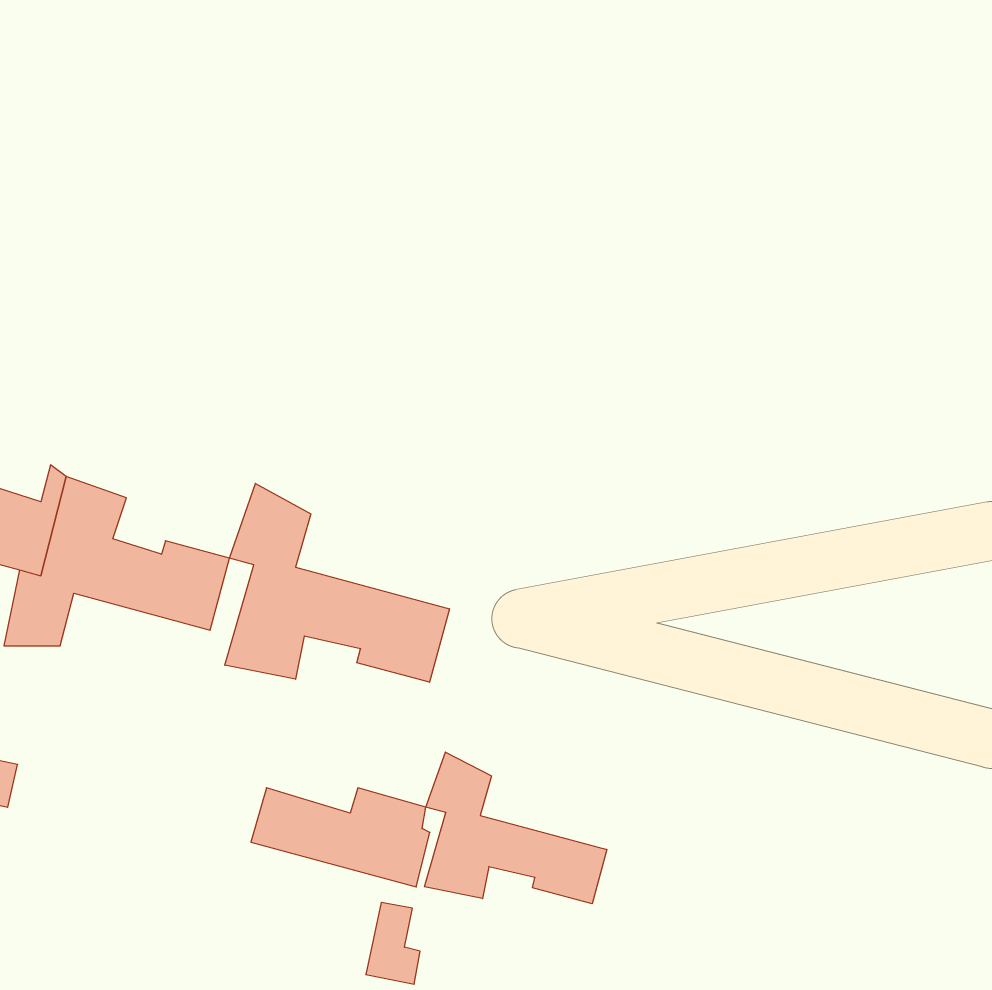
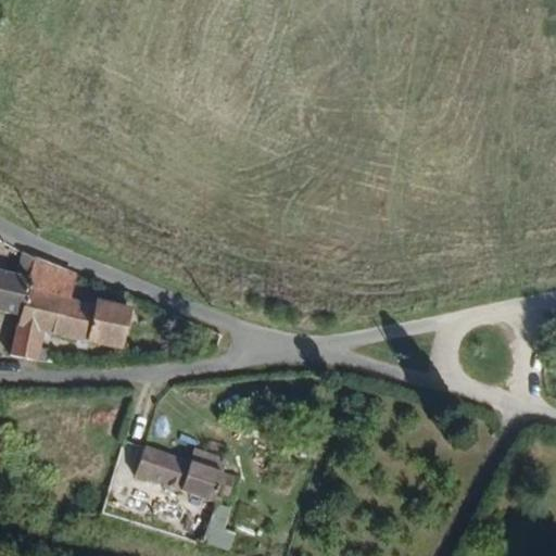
building: [225,483,449,682] -> none
building: [424,752,607,904] -> none

